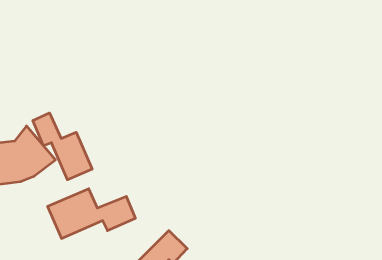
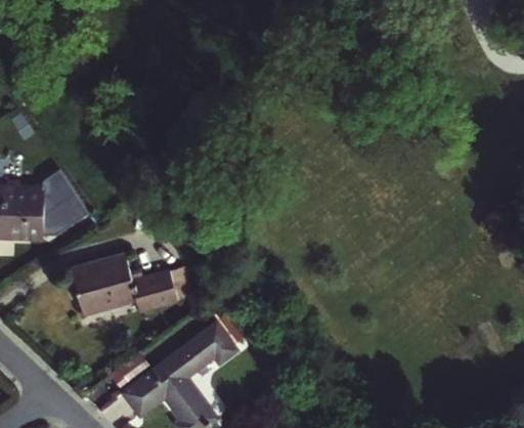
building: [33,113,92,180] -> none

